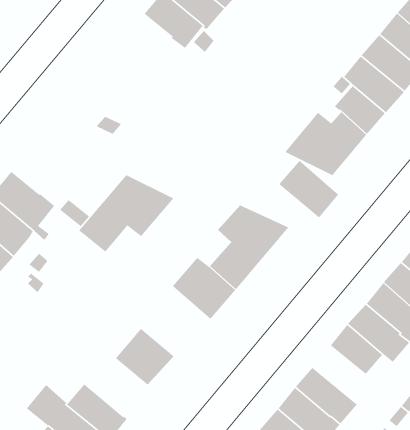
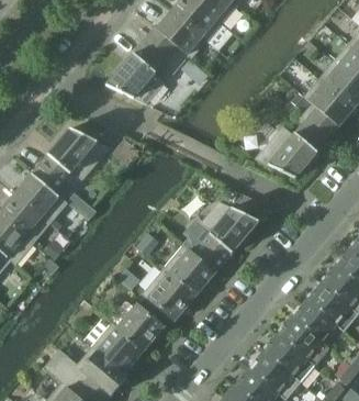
building: none -> [105,45,164,104]
building: [278,160,339,219] -> none
building: [78,174,175,253] -> [31,127,110,192]
building: none -> [142,268,194,321]
building: none -> [278,316,329,365]
building: none -> [90,322,143,375]

